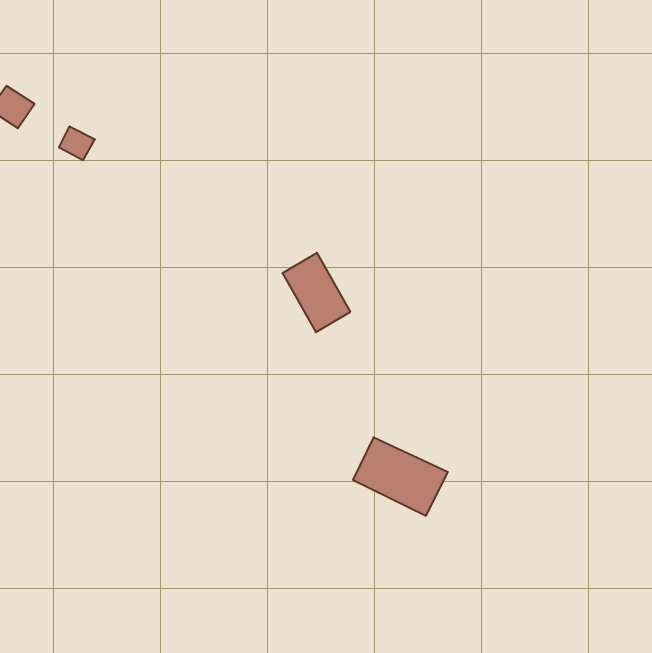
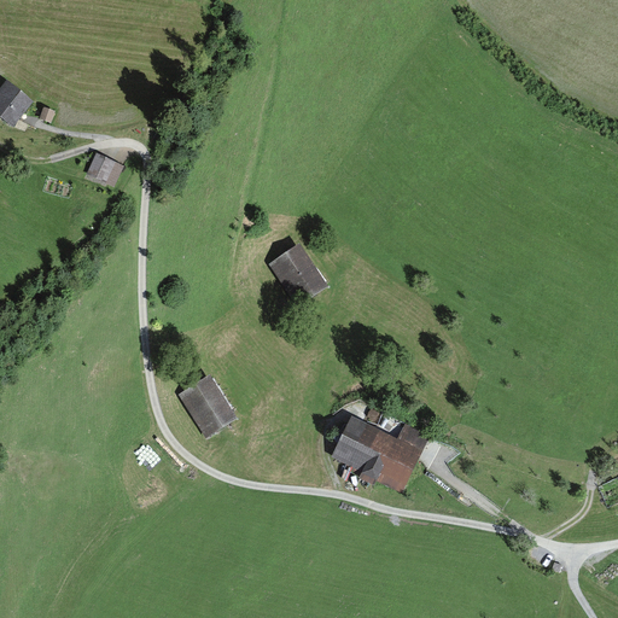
building: [59,127,95,160] -> [88,156,122,187]
building: none -> [183,380,231,433]

